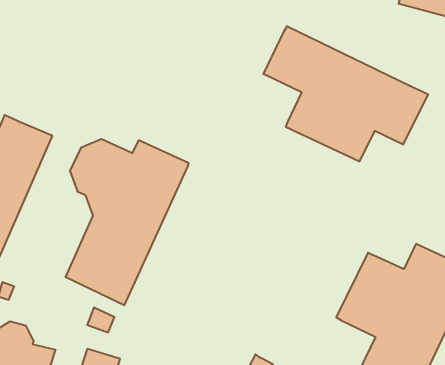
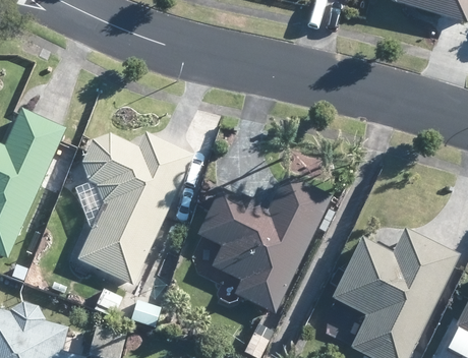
building: [263,26,428,162] -> none
building: none -> [196,175,331,313]

